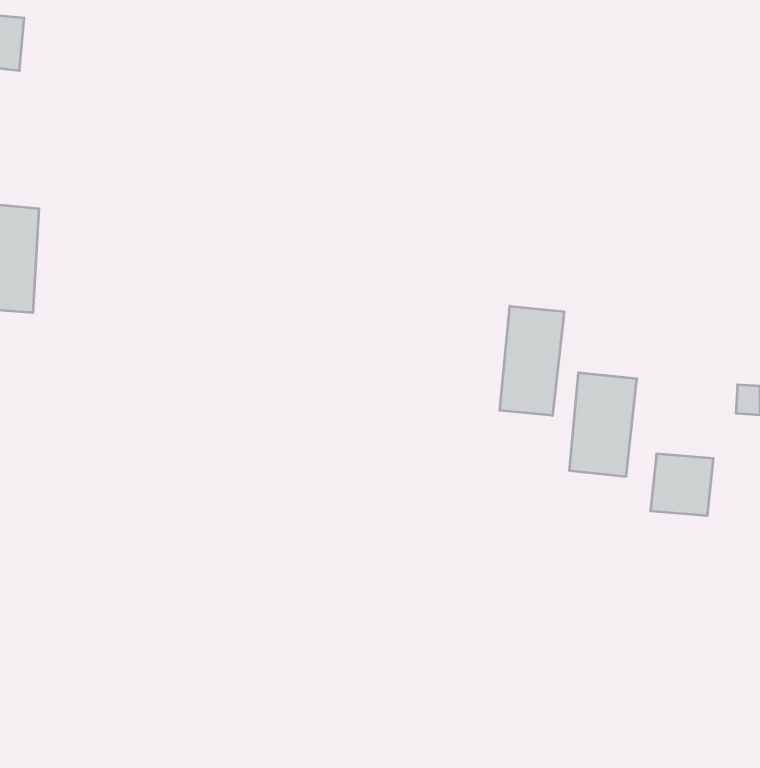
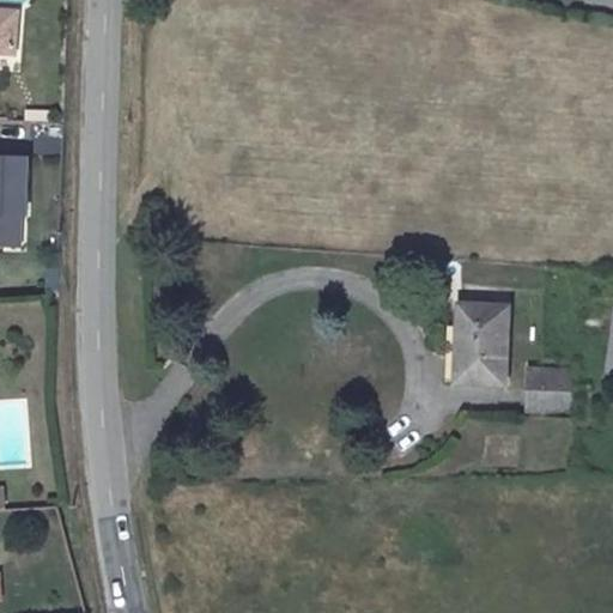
building: [500,306,564,416] -> none

